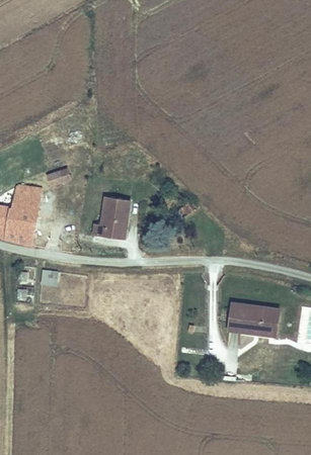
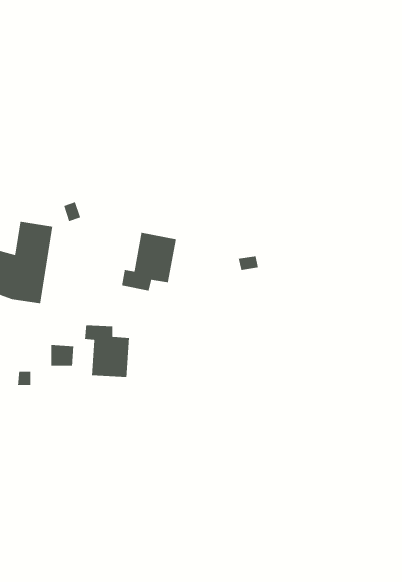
building: none -> [84,324,130,378]
building: [226,302,277,333] -> none

